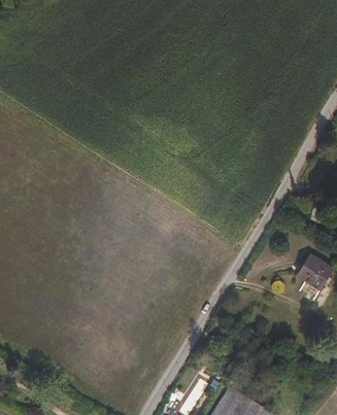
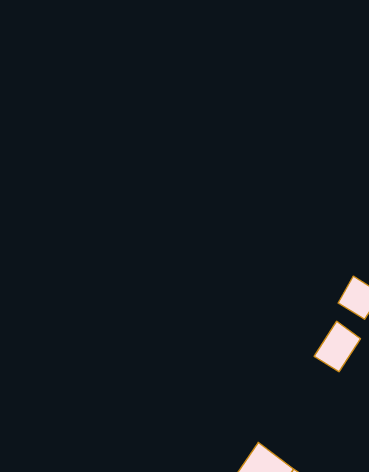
building: none -> [314,321,360,372]

